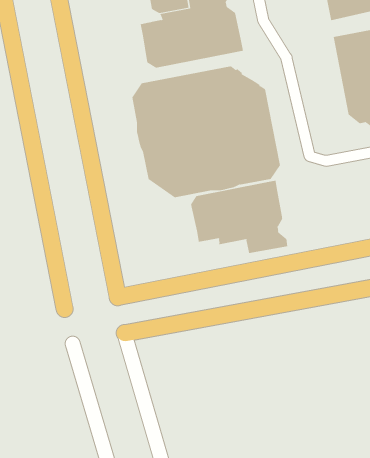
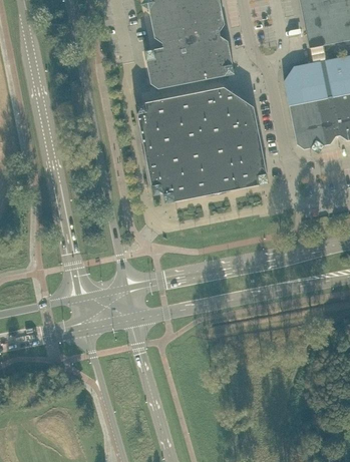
building: none -> [284,61,335,148]
building: [191,180,288,254] -> none

